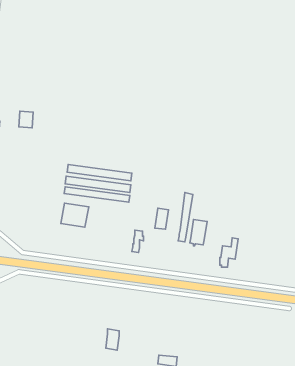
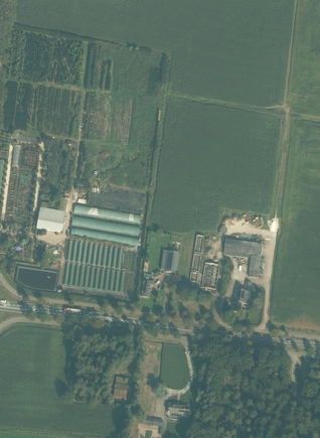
building: none -> [223,239,263,277]
building: [61,203,89,227] -> [35,206,64,232]

